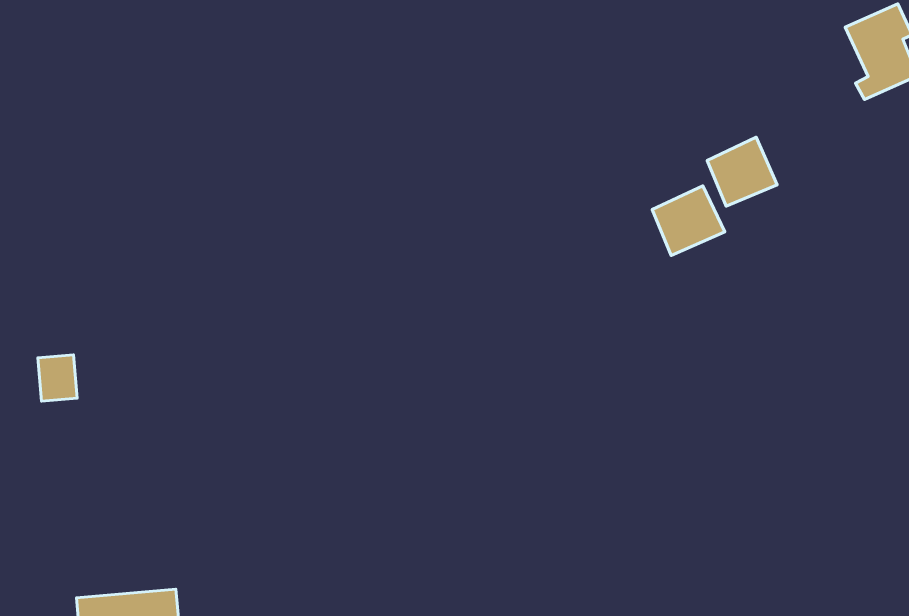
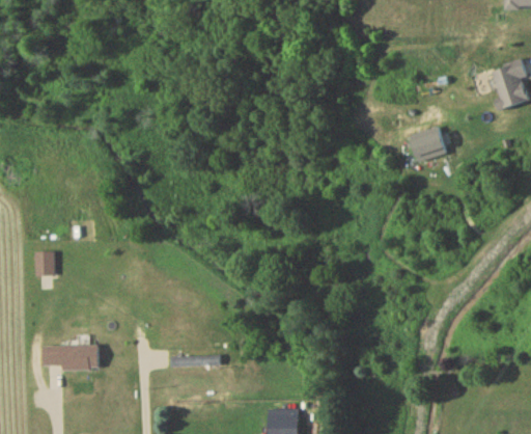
building: [652,186,725,256] -> none
building: [38,355,77,401] -> [36,251,56,275]

